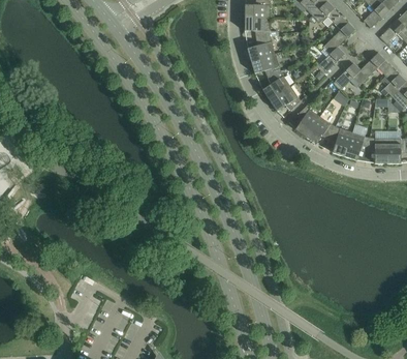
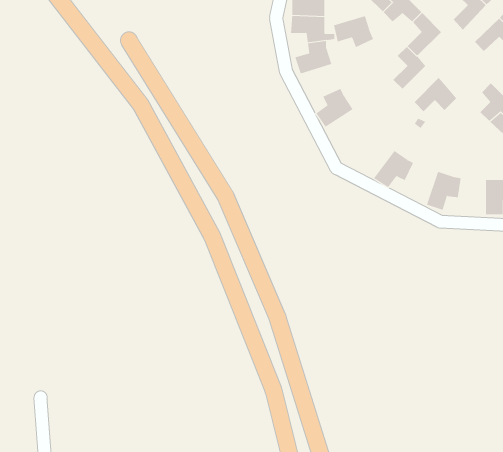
building: [359,53,392,79] -> none
building: [251,54,281,78] -> [333,15,374,48]
building: [270,87,301,112] -> none
building: [294,106,320,138] -> none
building: [328,126,352,157] -> none
building: [368,138,387,164] -> none

